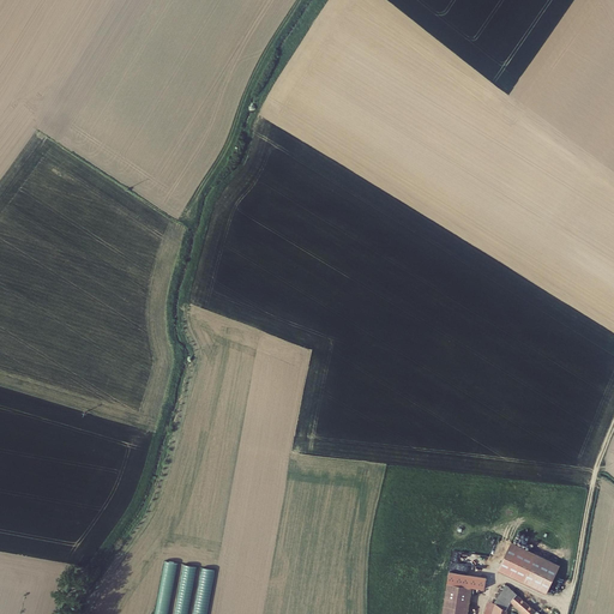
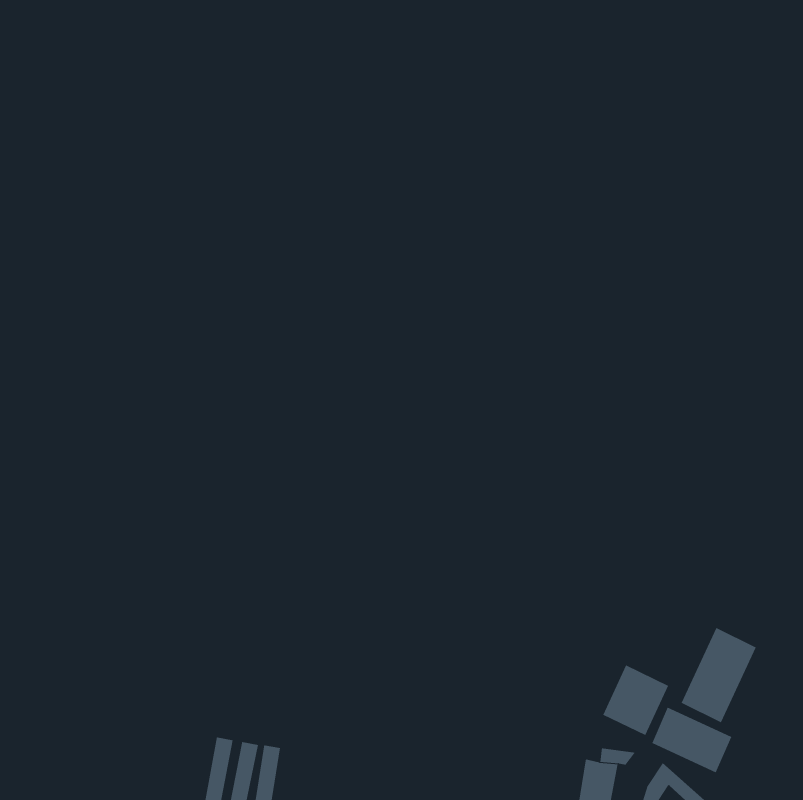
building: none -> [681,627,756,723]
building: none -> [602,665,669,736]

